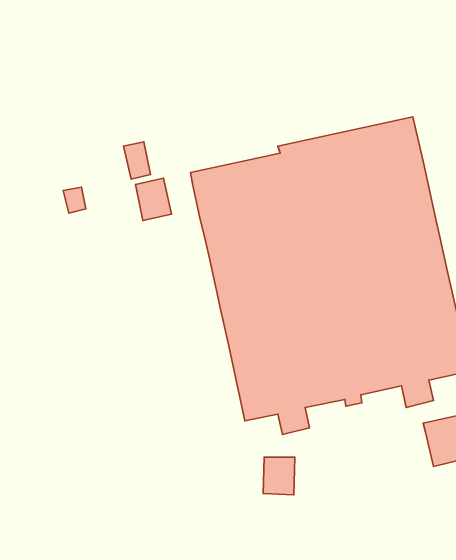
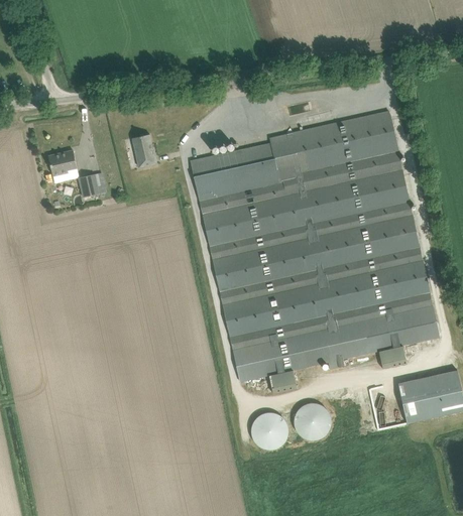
building: none -> [47,149,77,182]
building: [135,178,172,221] -> none
building: none -> [294,400,332,441]

